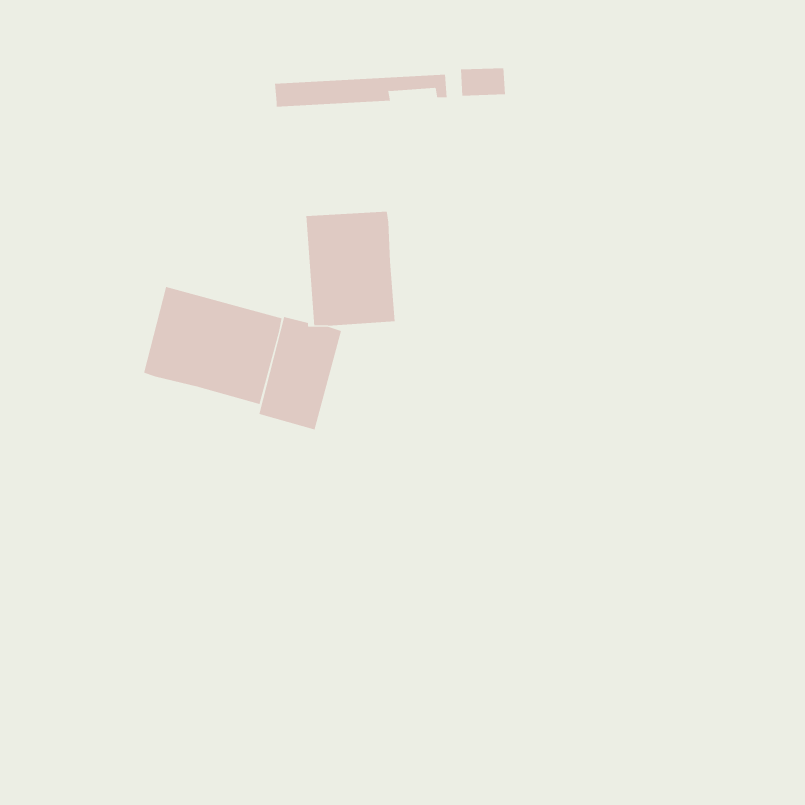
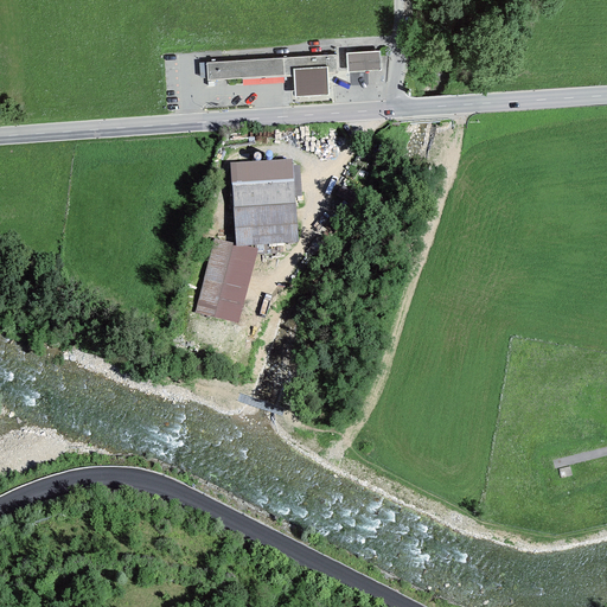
building: none -> [293,66,330,97]
building: [144,286,282,405] -> none

